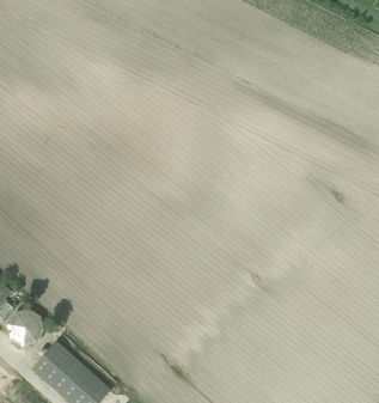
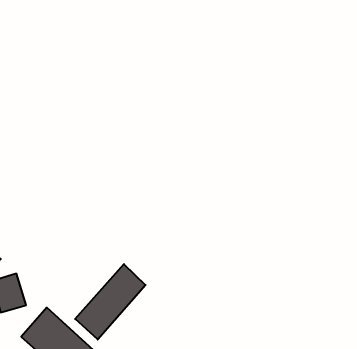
building: none -> [75,264,146,340]

